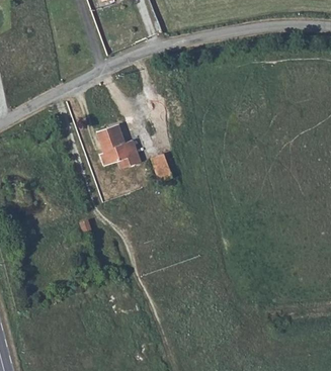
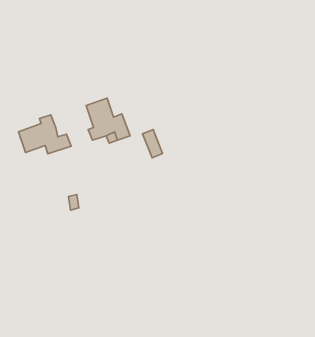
building: none -> [18,115,71,154]

